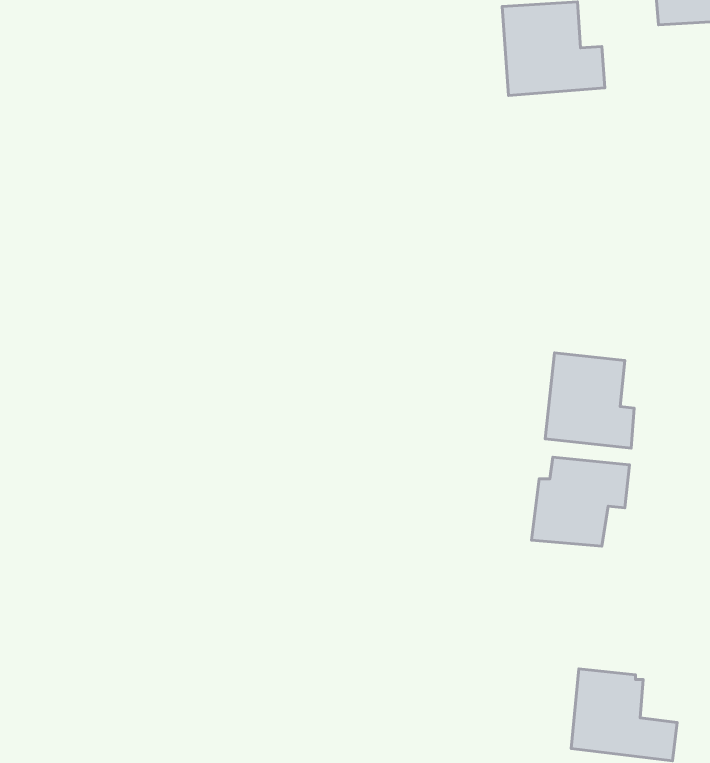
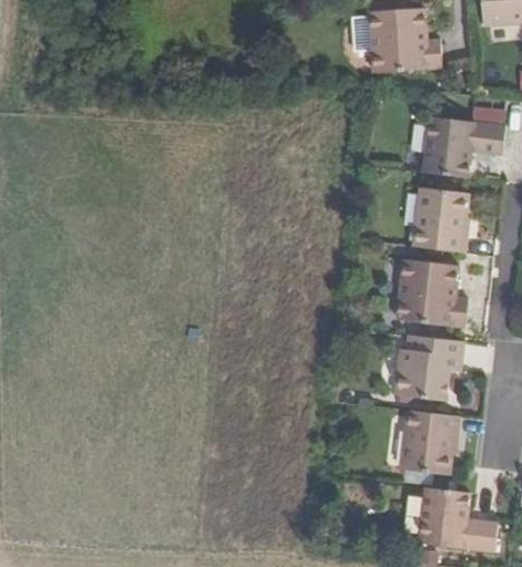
building: none -> [426,113,505,176]
building: none -> [413,190,465,252]
building: none -> [399,412,459,475]

